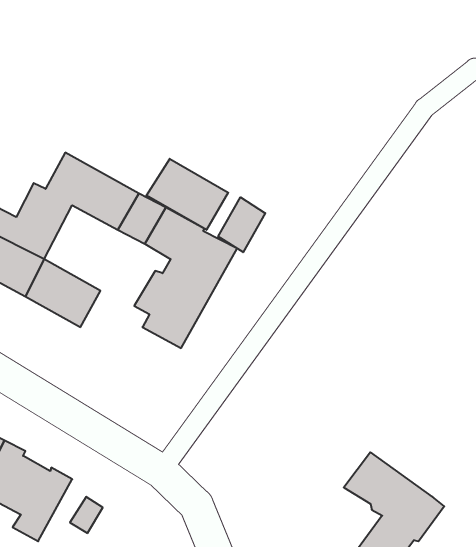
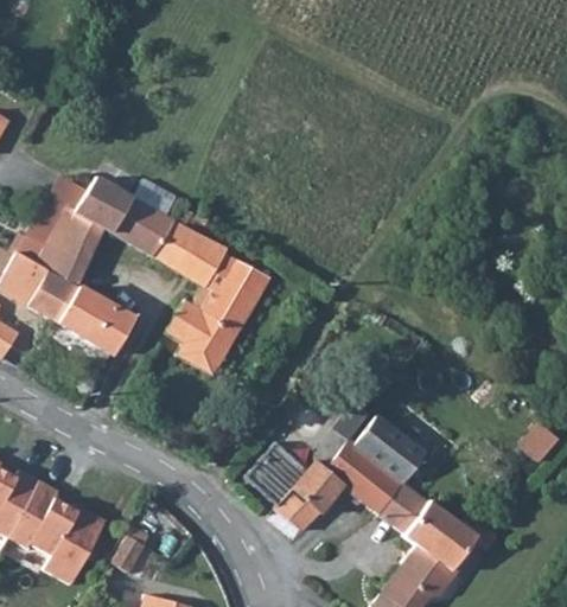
building: [146,159,228,230] -> none
building: [218,197,265,252] -> none
building: none -> [247,415,427,531]

